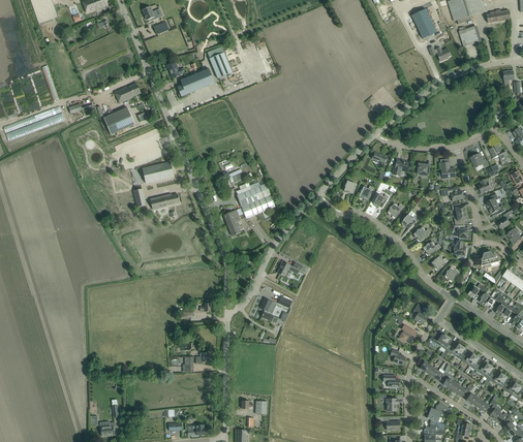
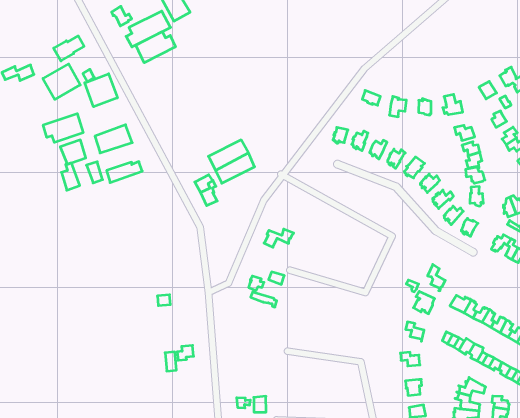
building: none -> [136,32,175,63]
building: none -> [85,74,117,107]
building: none -> [43,114,83,142]

